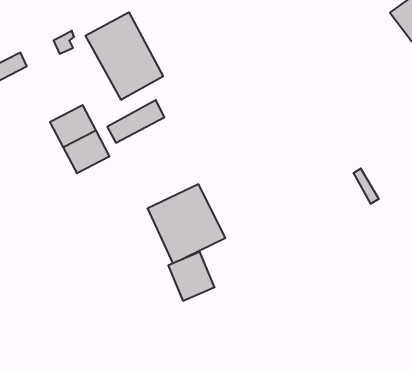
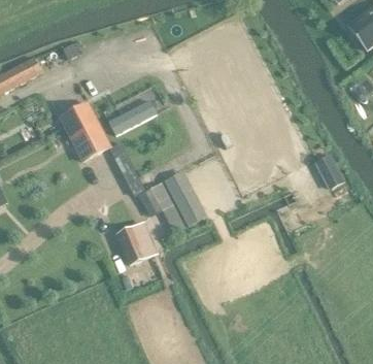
building: [86,12,163,100] -> none
building: [168,252,215,301] -> [115,224,155,265]

